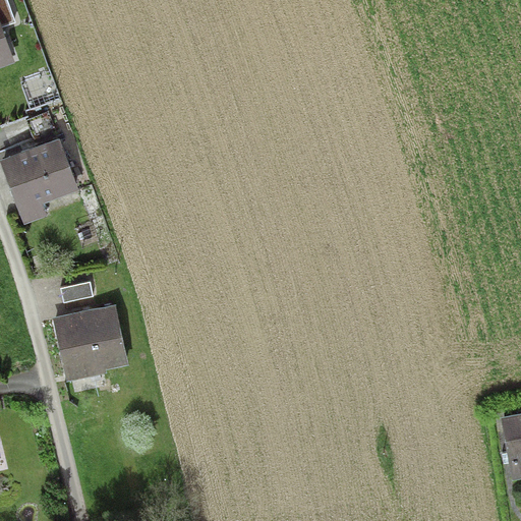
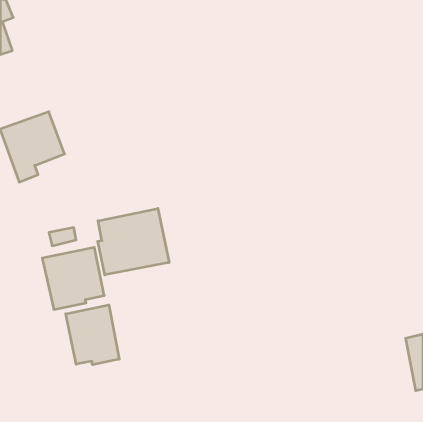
building: none -> [98,208,169,275]
building: none -> [66,305,119,365]

